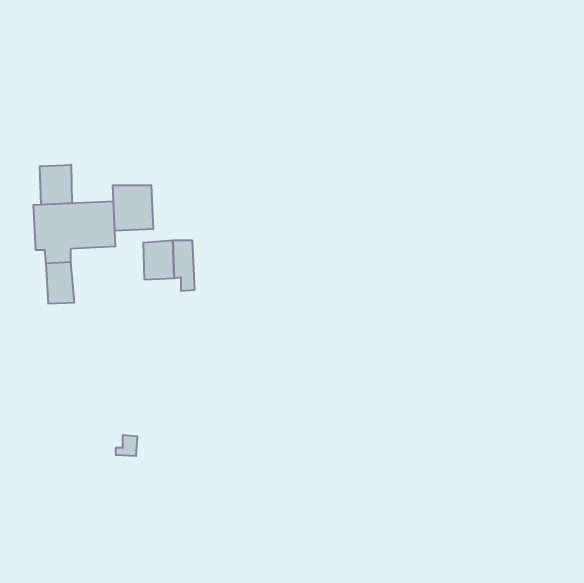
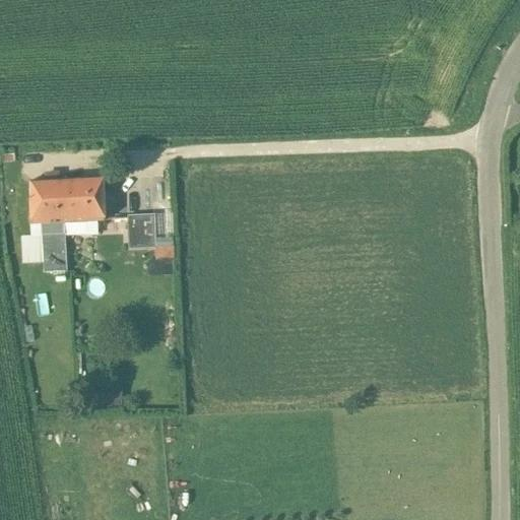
building: [40,165,72,205] -> none
building: [113,185,153,231] -> none

